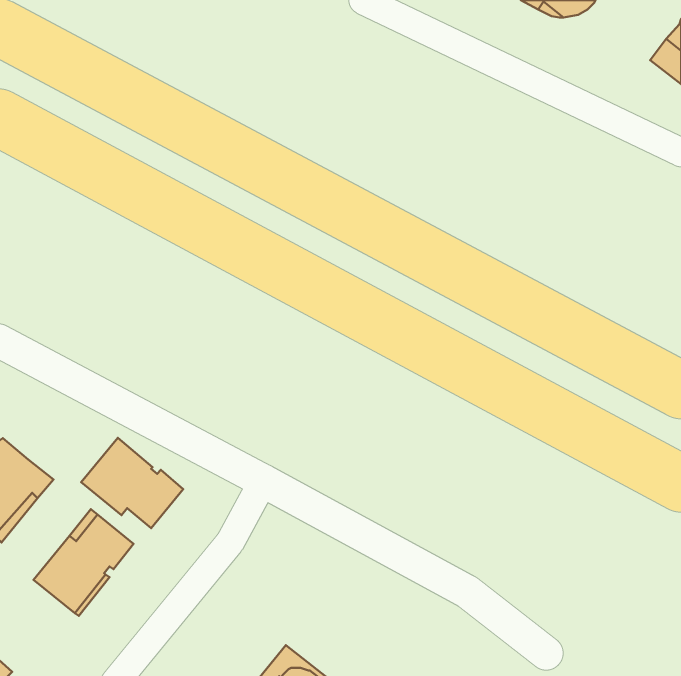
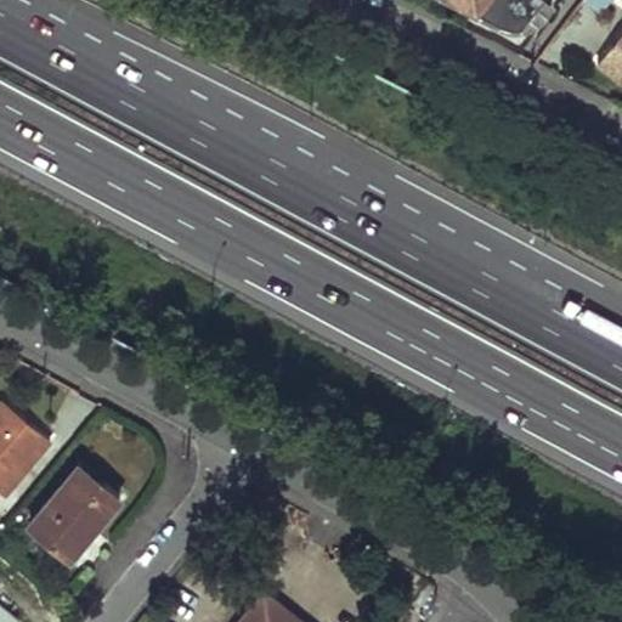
building: [81,438,183,528] -> none

